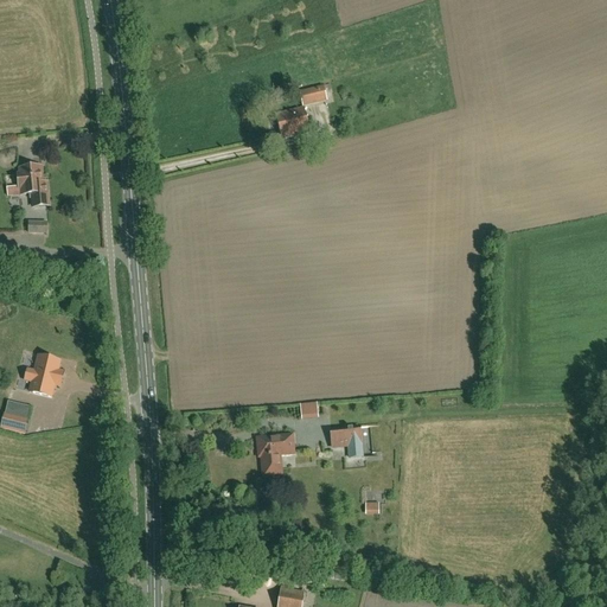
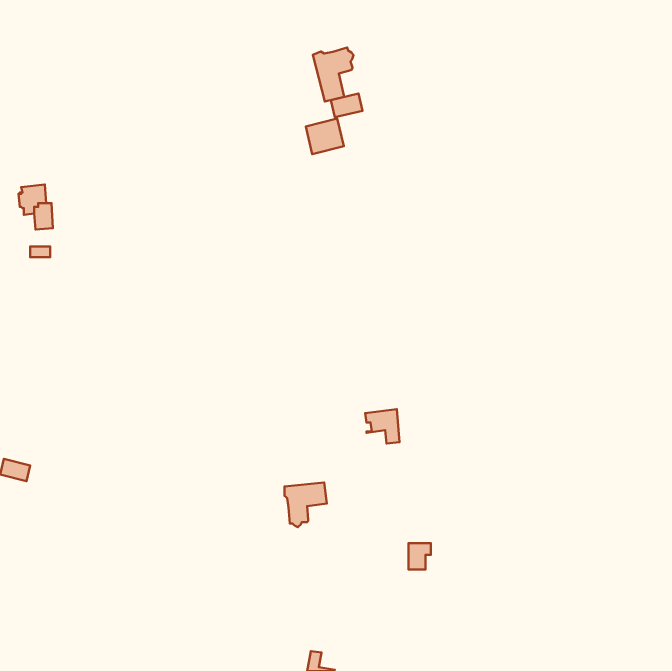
building: none -> [313,48,354,102]
building: [32,356,63,396] -> none
building: [330,426,360,456] -> [365,409,400,444]

